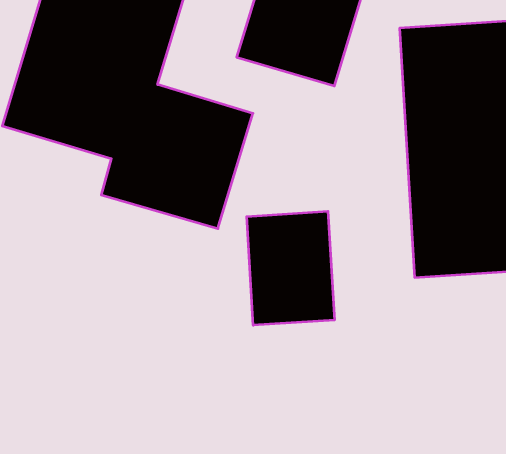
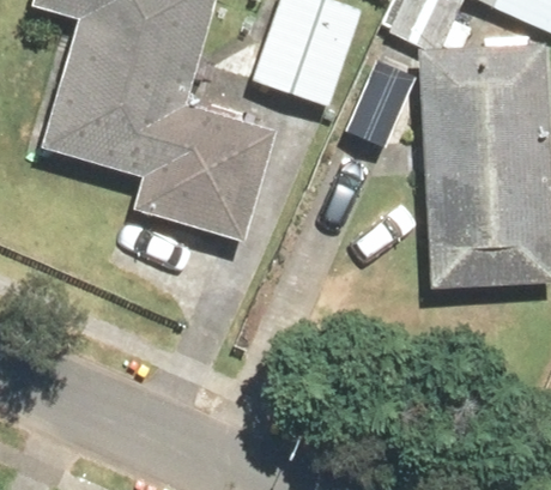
building: [247,211,334,325] -> none

